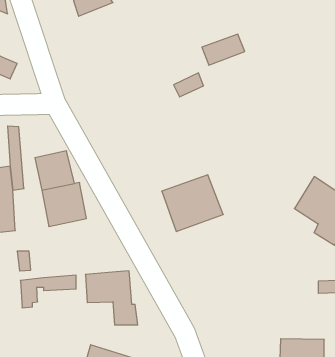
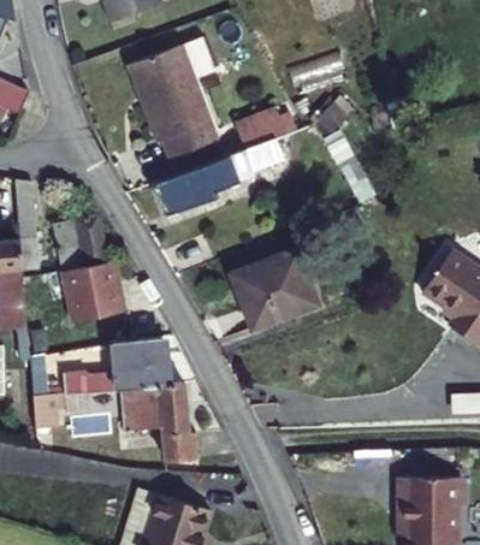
building: none -> [129,45,215,158]
building: none -> [153,137,288,215]
building: none -> [64,337,167,393]

